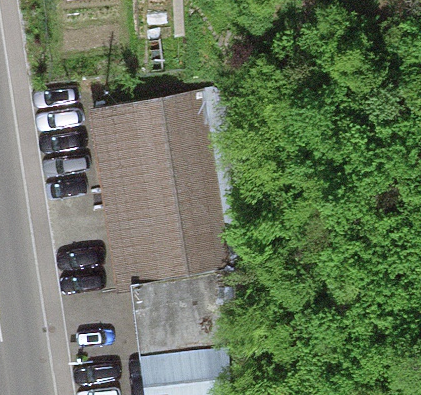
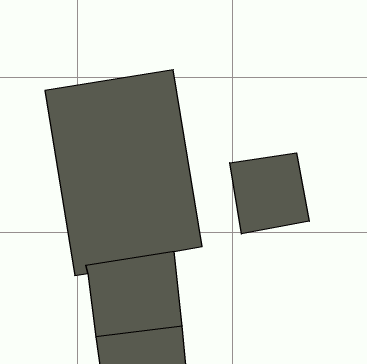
building: none -> [230,153,309,234]

